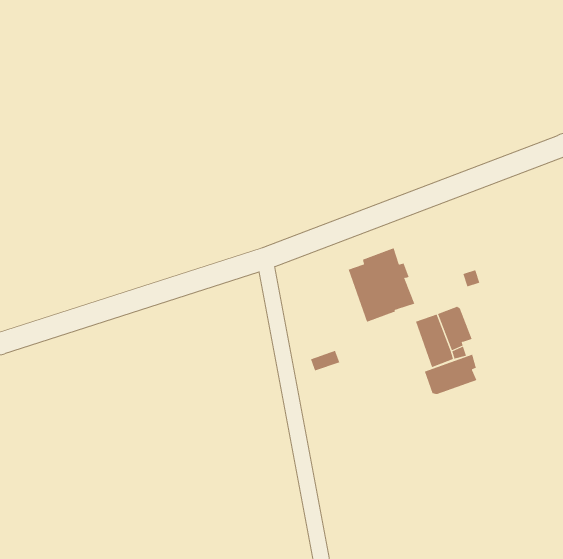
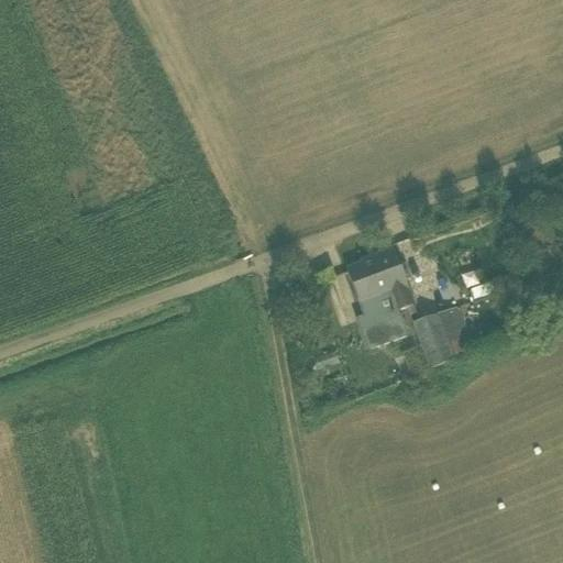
building: none -> [357,308,407,346]
building: [424,354,477,395] -> none

